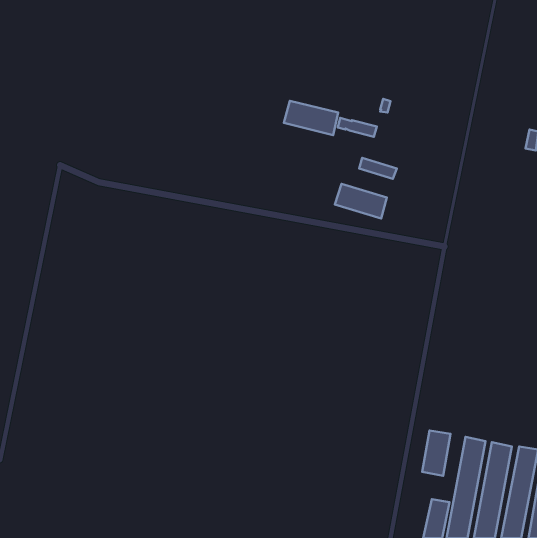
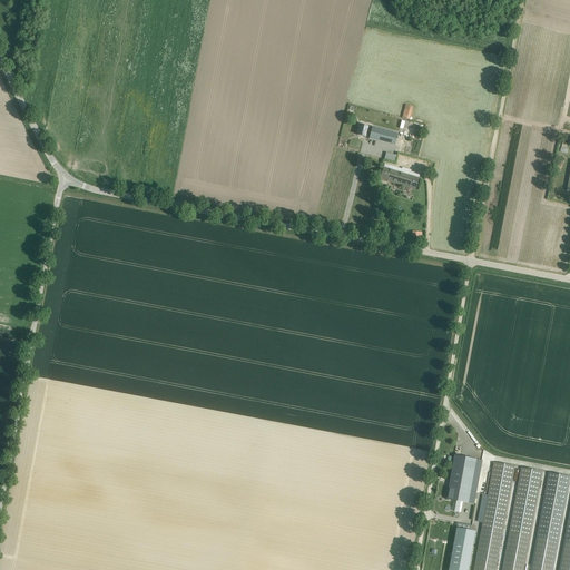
building: [284,101,338,135] -> none
building: [335,184,387,219] -> none

